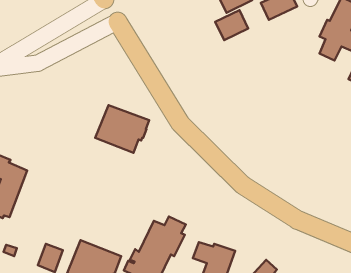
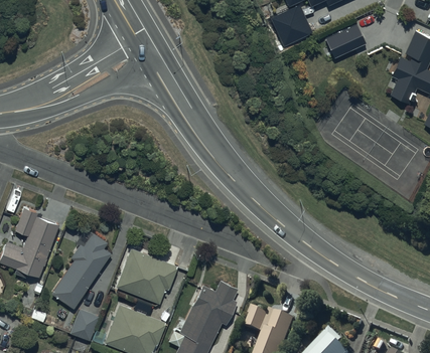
building: [215,10,248,40] -> none
building: [95,105,149,153] -> [116,249,177,304]
building: none -> [51,229,111,309]

